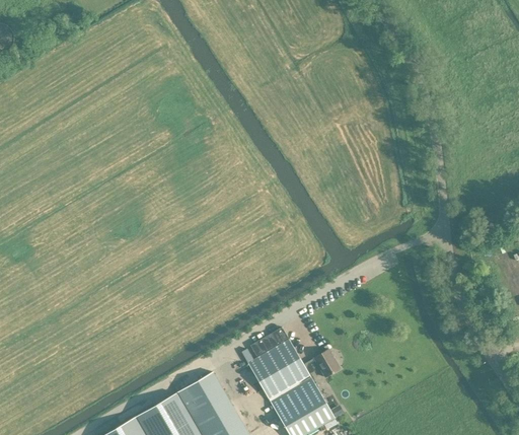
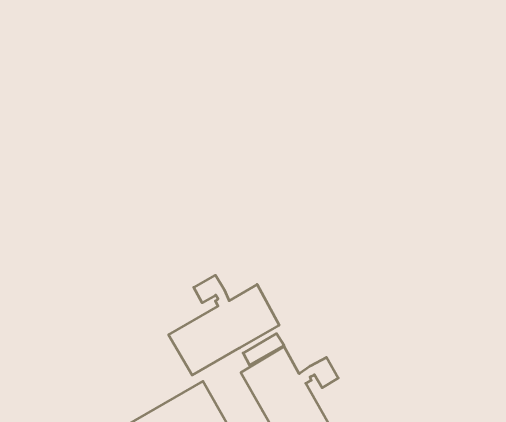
building: none -> [169,275,279,375]

